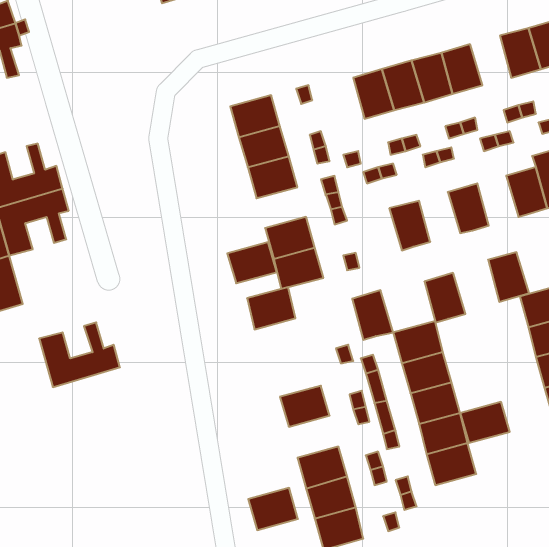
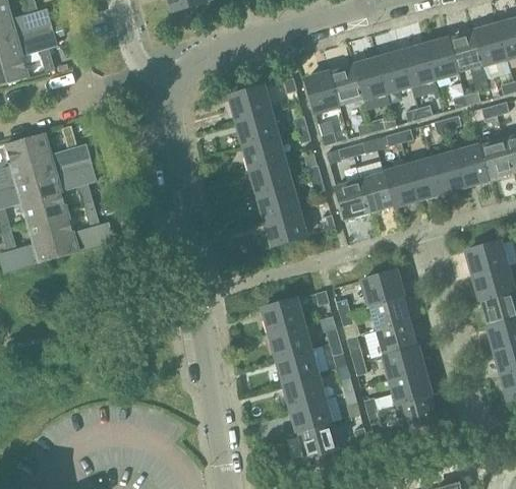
building: none -> [425,37,459,77]
building: none -> [305,71,339,112]
building: [227,242,277,283] -> [250,161,291,194]
building: [488,252,529,302] -> [432,151,465,192]
building: [424,273,465,323] -> [384,165,417,205]
building: [247,287,295,329] -> [264,298,303,332]
building: [352,290,393,340] -> [336,178,369,219]
building: [39,322,120,387] -> [48,203,114,256]
building: [460,402,510,443] -> [397,395,438,429]
building: [248,488,298,530] -> [277,348,318,382]

